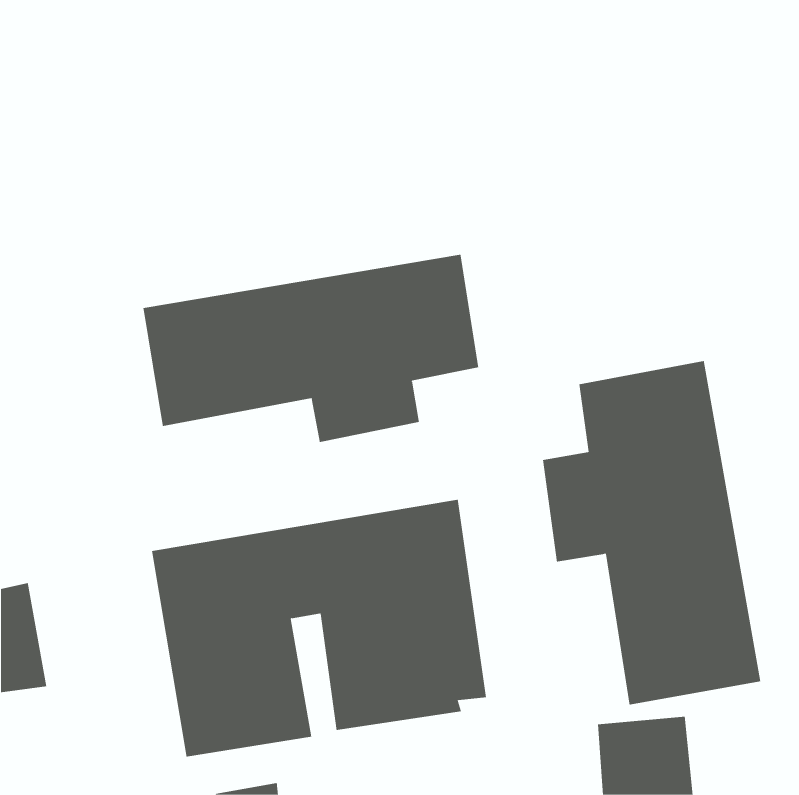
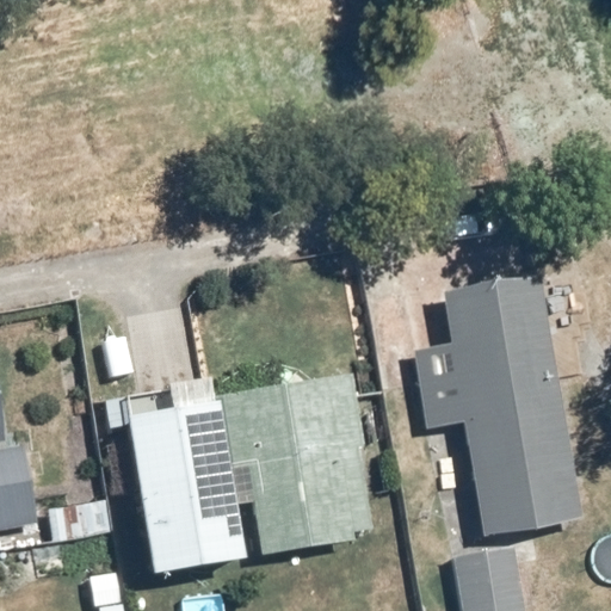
building: [143,254,479,443] -> none

